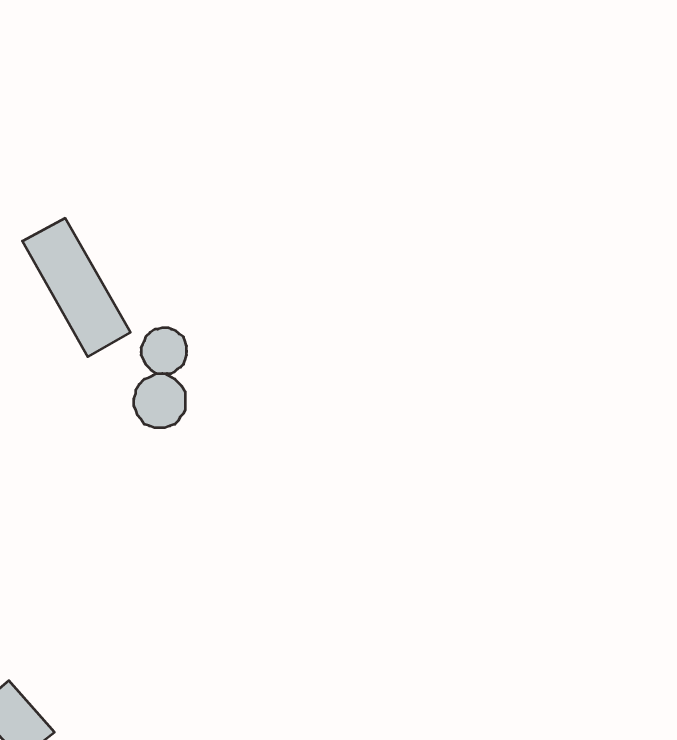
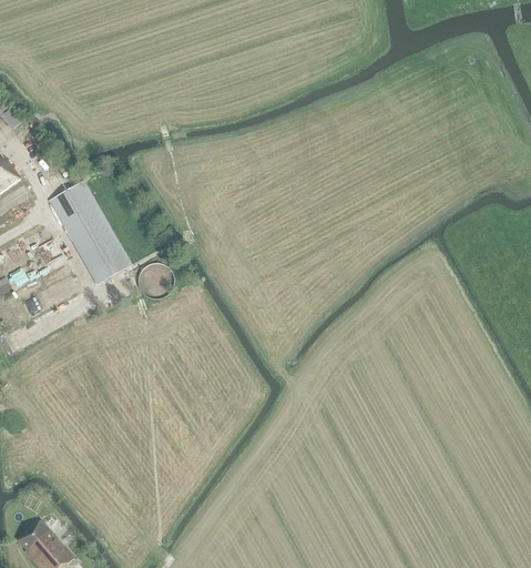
building: [134,374,185,428] -> none

